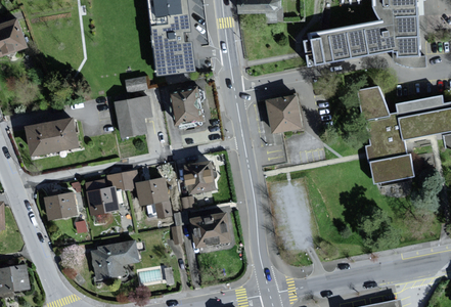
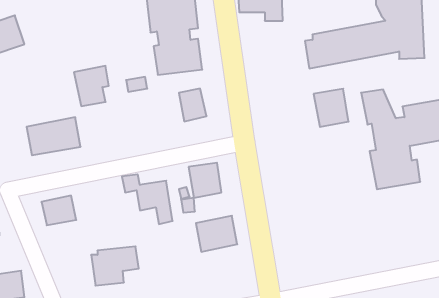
building: [118,96,151,135] -> [74,66,109,106]
building: [264,96,298,133] -> [314,89,349,127]
building: [88,173,127,215] -> none

